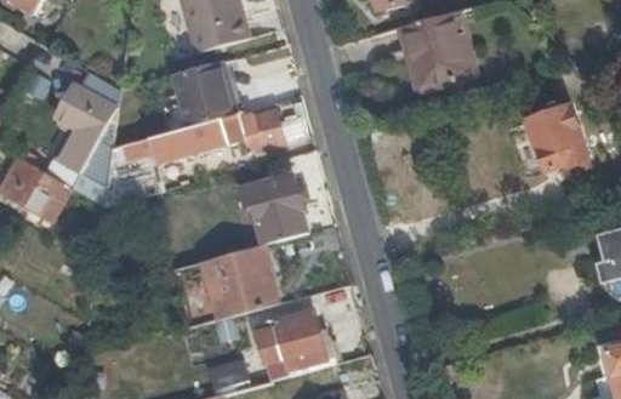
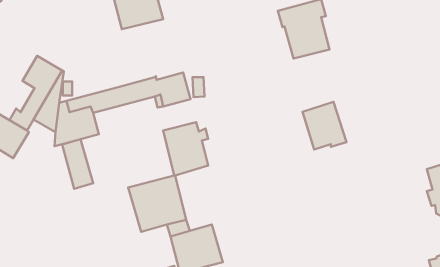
building: [173,59,238,127] -> none
building: [528,107,586,170] -> [302,102,346,150]
building: [178,260,220,325] -> [62,139,93,189]

